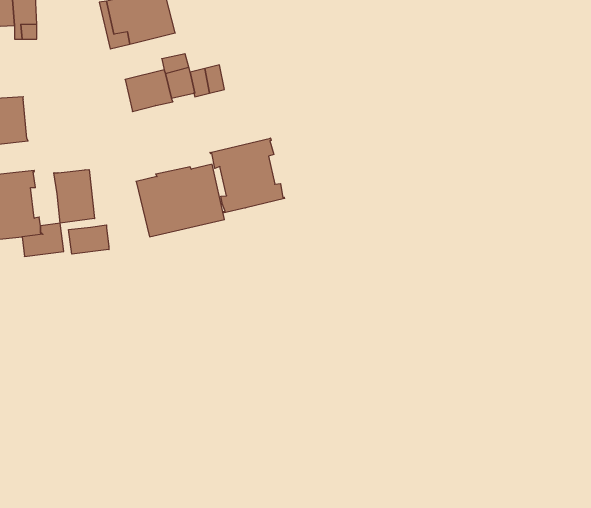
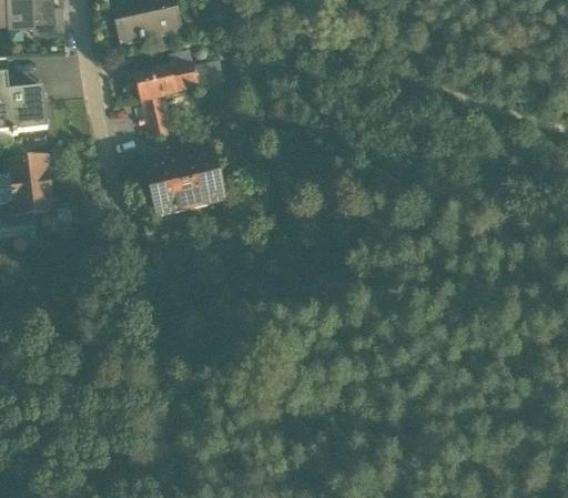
building: none -> [141,95,170,134]
building: [210,138,285,213] -> none
building: [54,170,95,223] -> none
building: [69,225,109,254] -> none

